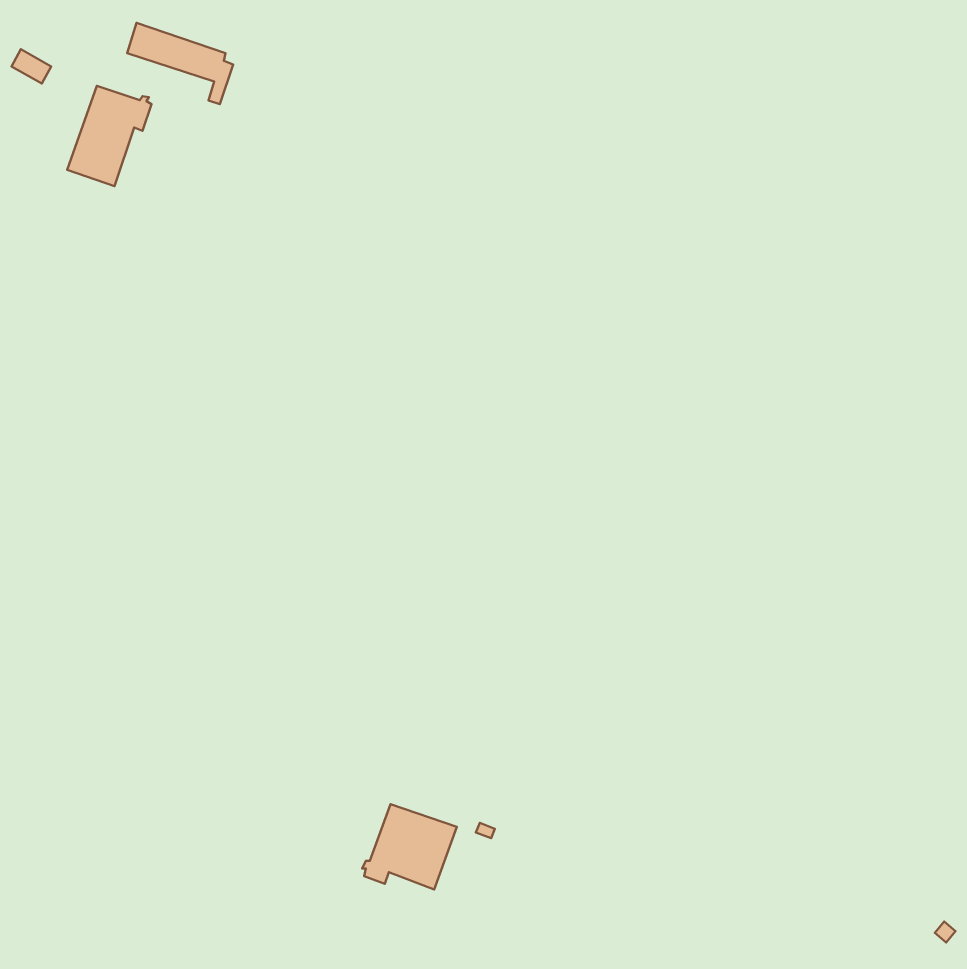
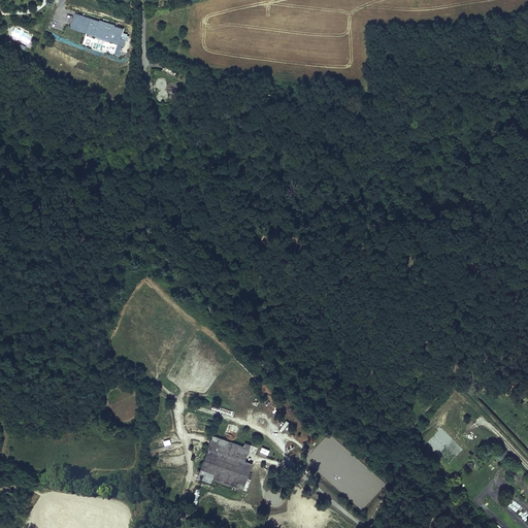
building: [67,86,152,186] -> none

